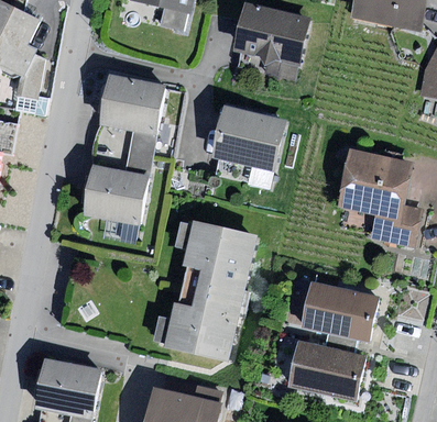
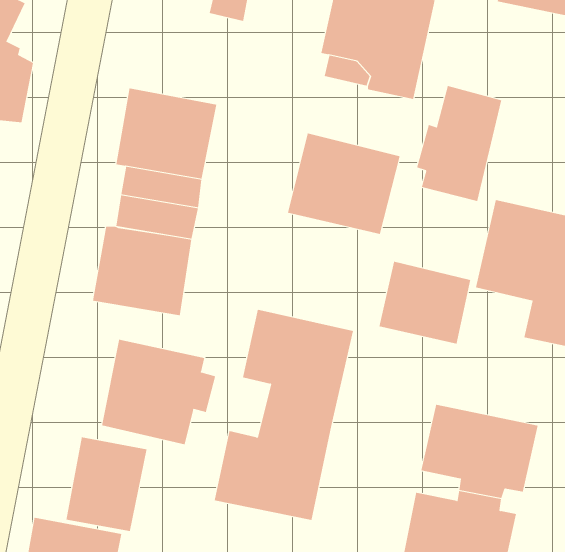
building: none -> [417,85,502,202]
building: none -> [379,261,471,344]
building: none -> [102,339,216,445]
building: none -> [66,436,147,532]

